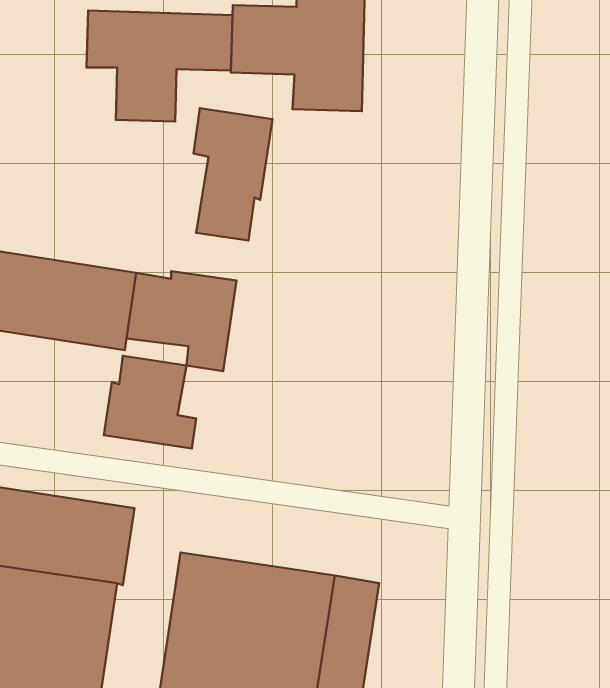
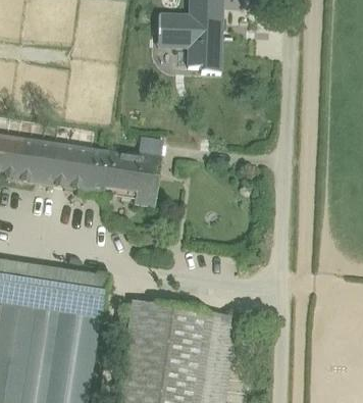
building: [87,11,232,121] -> none
building: [193,108,272,241] -> none
building: [104,356,196,448] -> none

